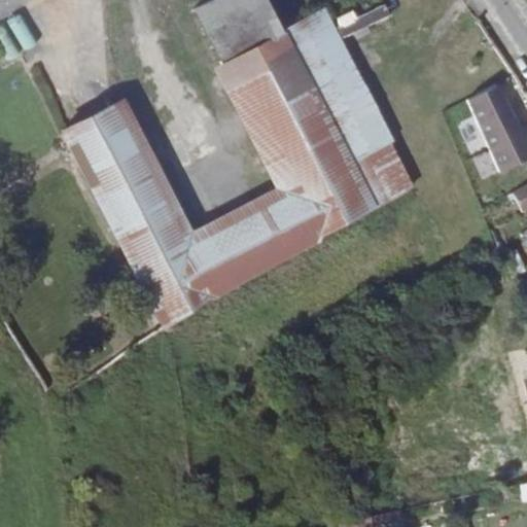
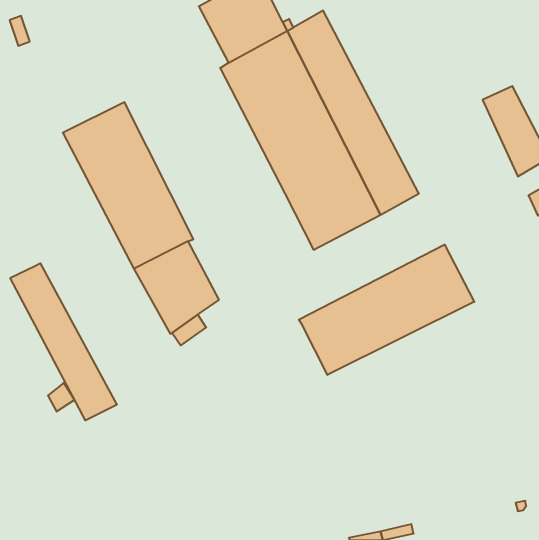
building: [186,187,308,290] -> none
building: none -> [299,245,474,375]
building: none -> [10,263,117,420]

